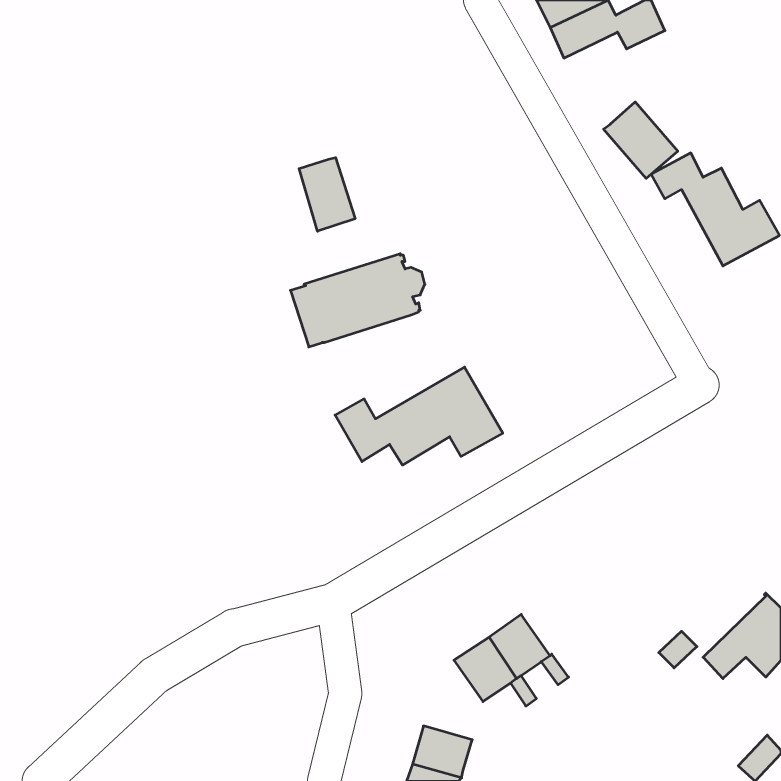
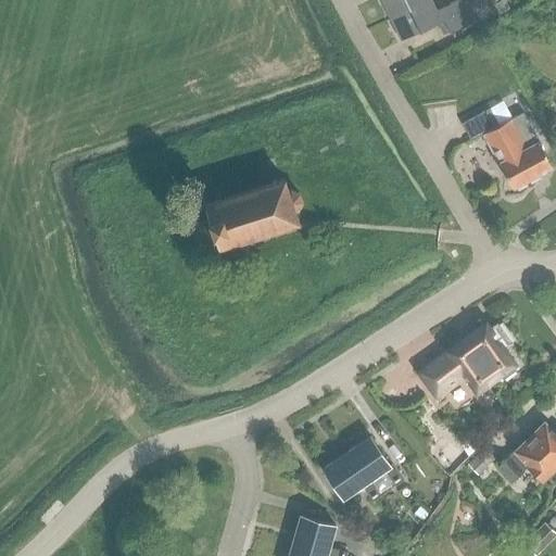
building: [604,102,678,178] -> none
building: [299,158,355,231] -> none
building: [335,367,503,465] -> none
building: none -> [420,323,516,396]

